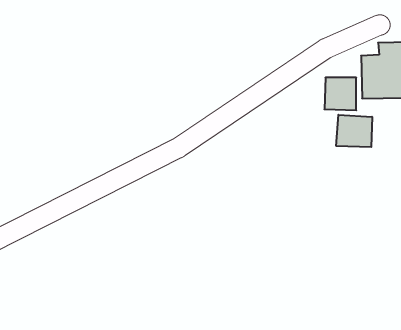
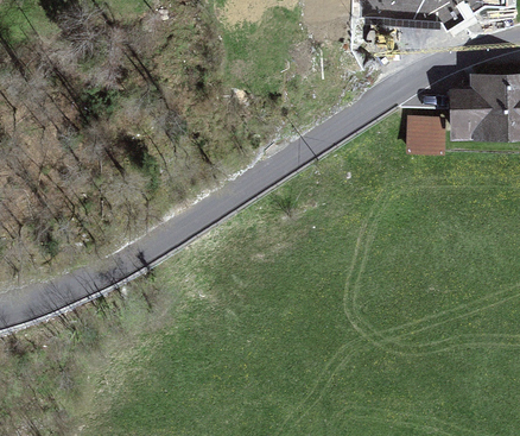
building: [336,115,372,147] -> none

